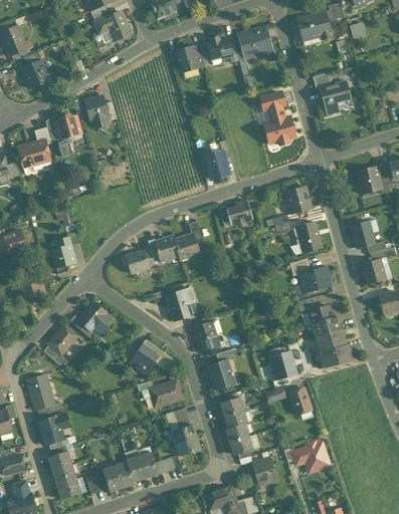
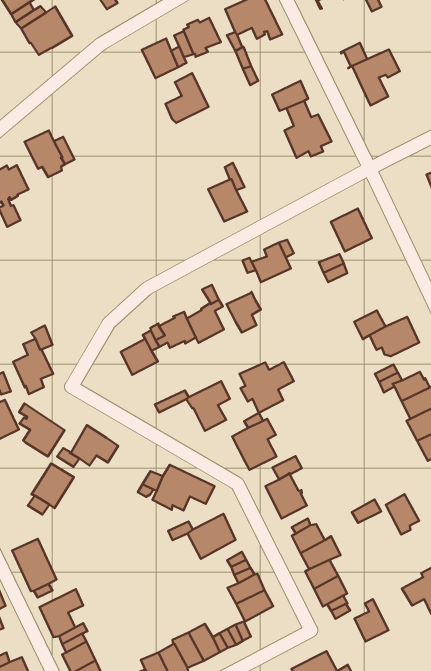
building: none -> [166,73,208,123]
building: [296,221,322,253] -> none
building: none -> [226,292,261,333]
building: none -> [19,403,64,456]
building: none -> [239,362,294,413]
building: [271,350,296,378] -> none

